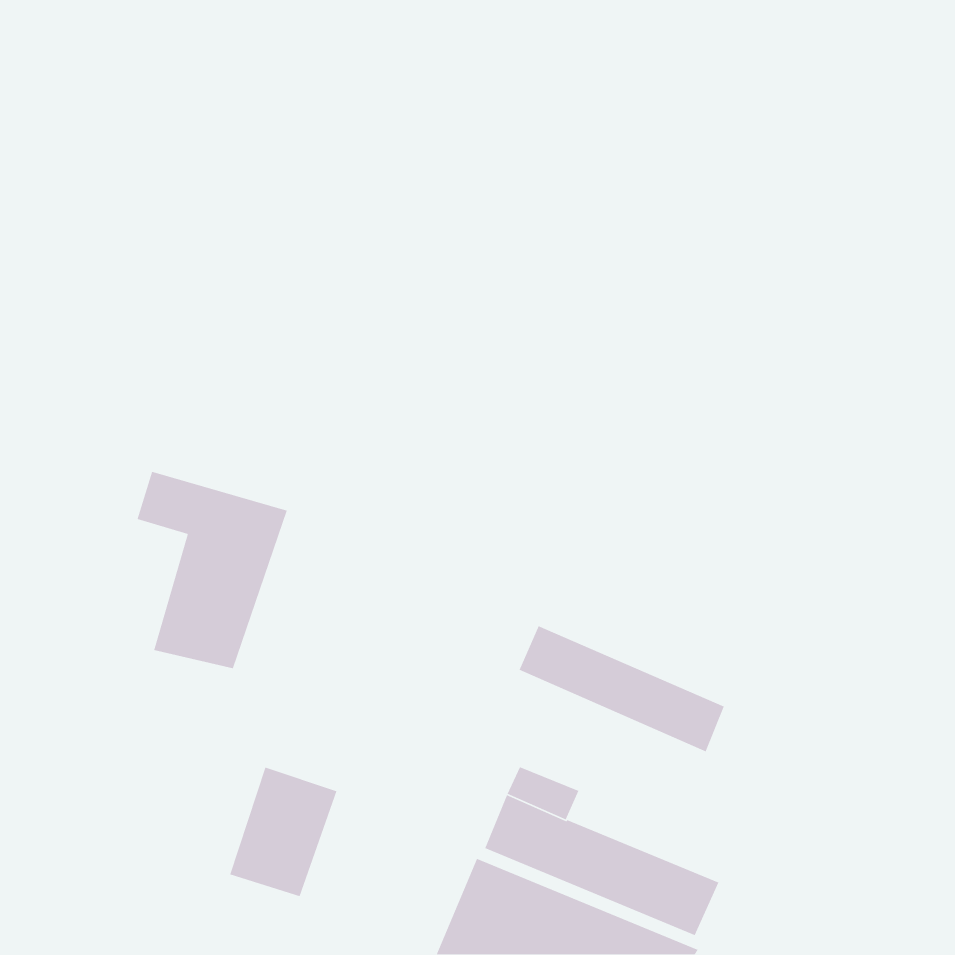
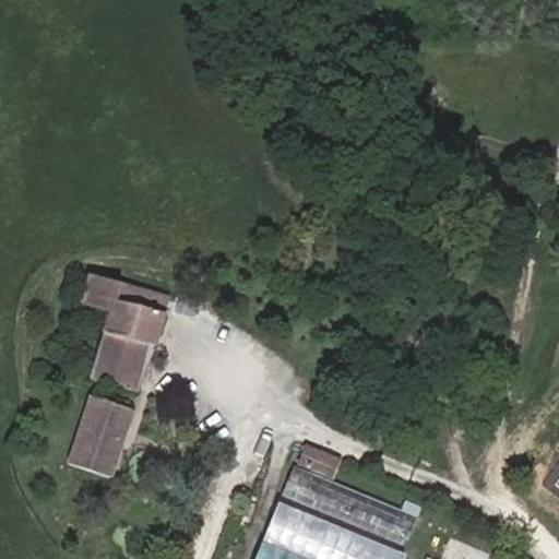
building: [518,625,725,753] -> none
building: [229,766,338,897] -> [68,400,131,476]

